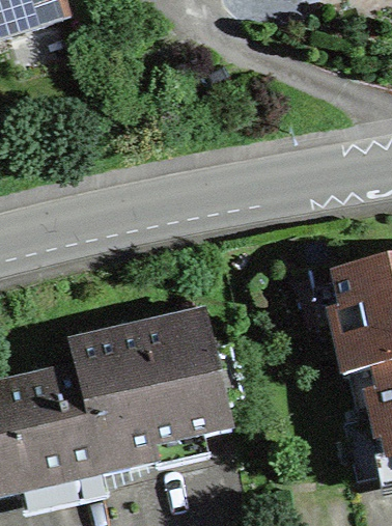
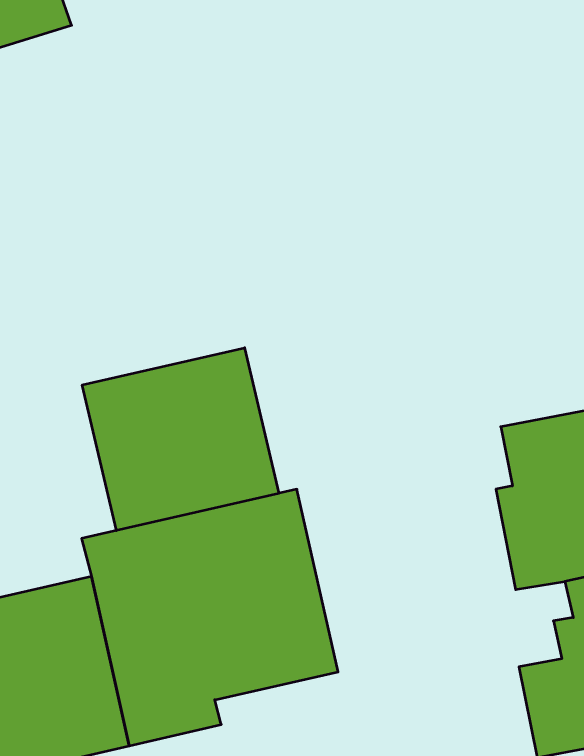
building: none -> [82,348,279,531]

